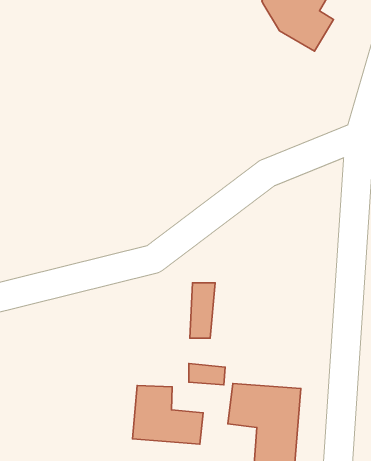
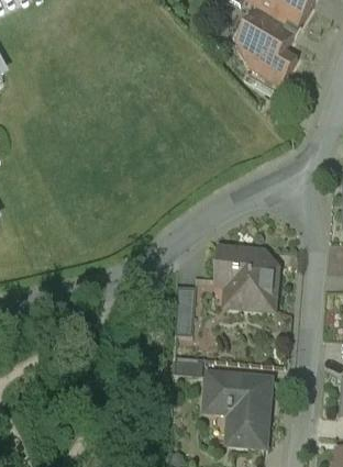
building: none -> [215,248,275,307]
building: [132,385,203,444] -> none

